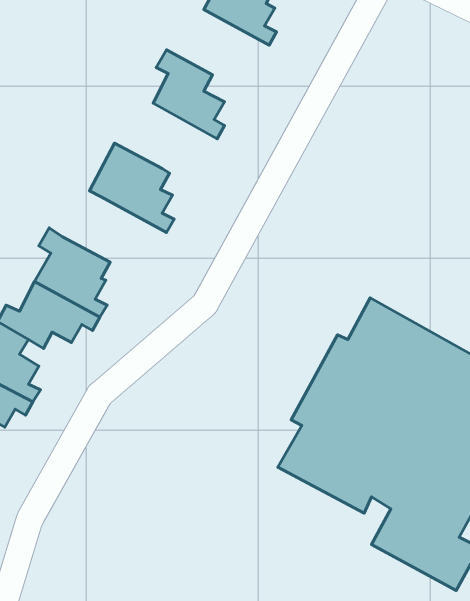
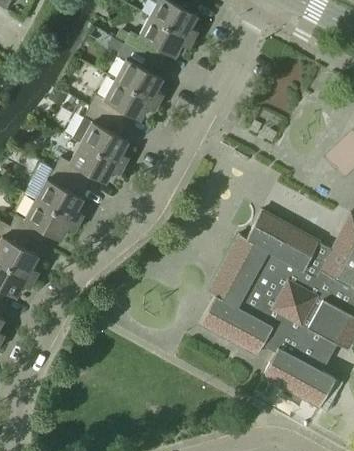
building: none -> [124,16,193,64]
building: none -> [89,79,158,123]
building: none -> [54,142,124,186]

